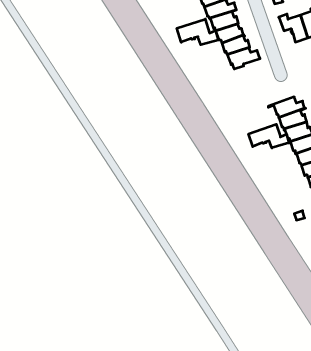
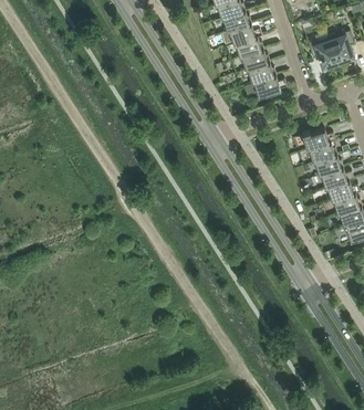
building: [177,19,218,45] -> none
building: [249,124,289,148] -> none

